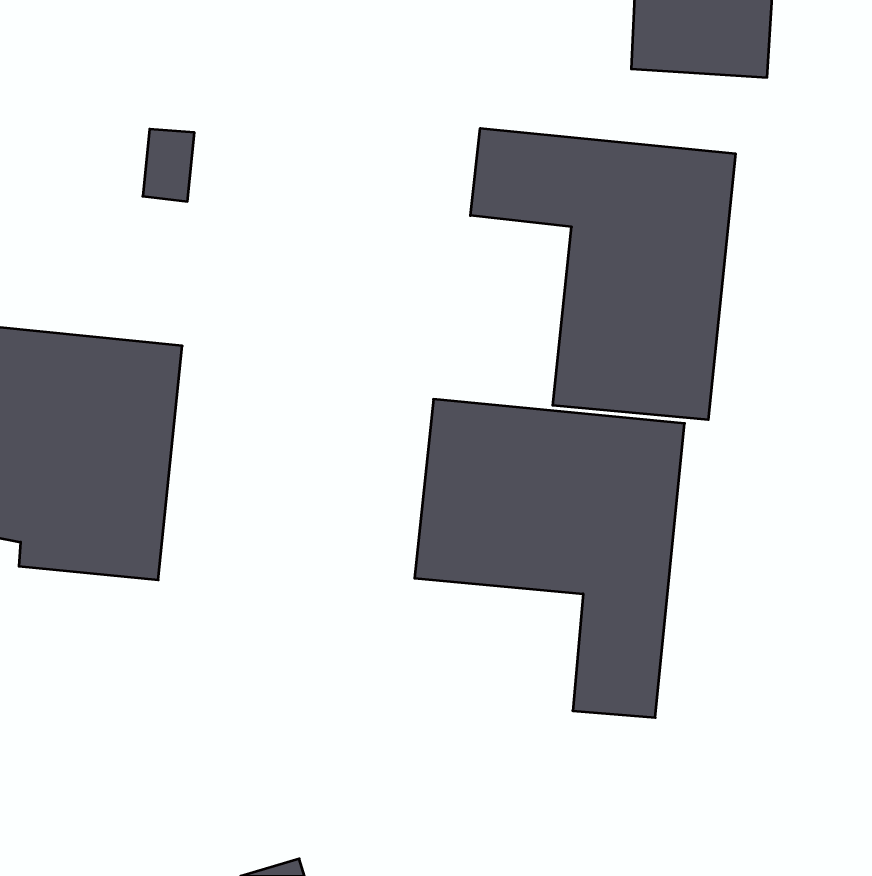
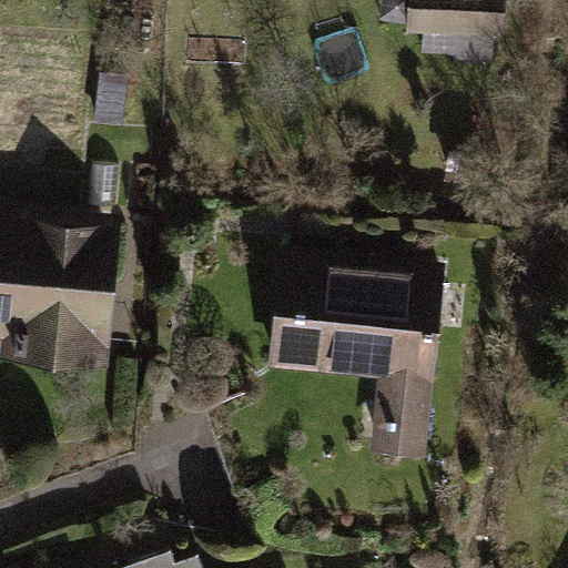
building: [470,128,735,420] -> none

